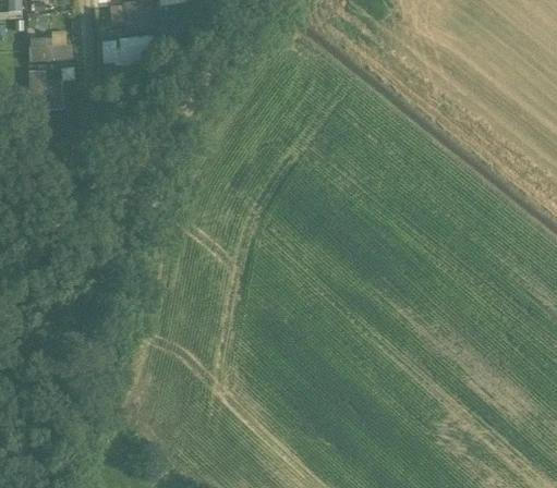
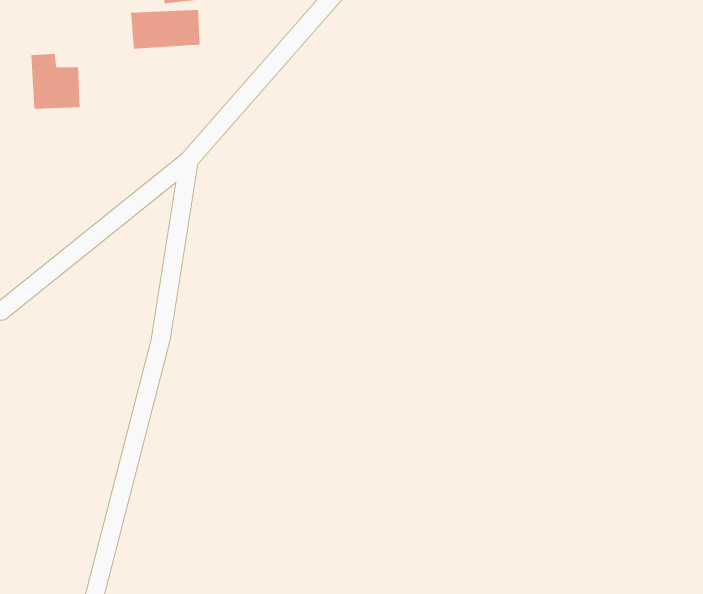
building: [29,36,74,60] -> none

